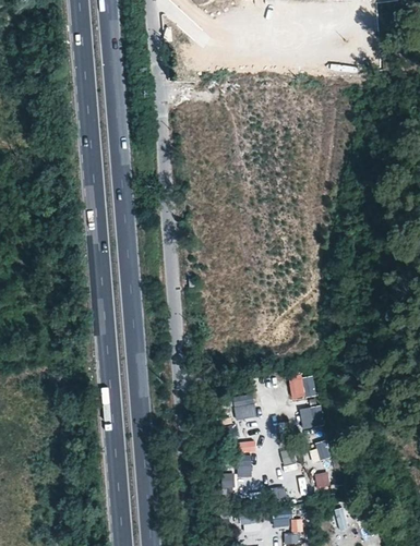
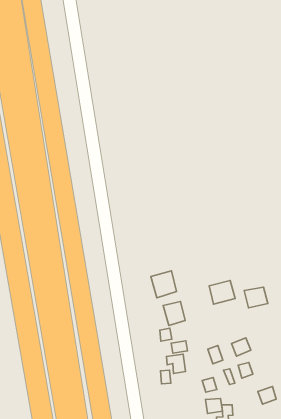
building: none -> [151,271,176,298]
building: [299,407,325,429] -> [244,287,268,308]

